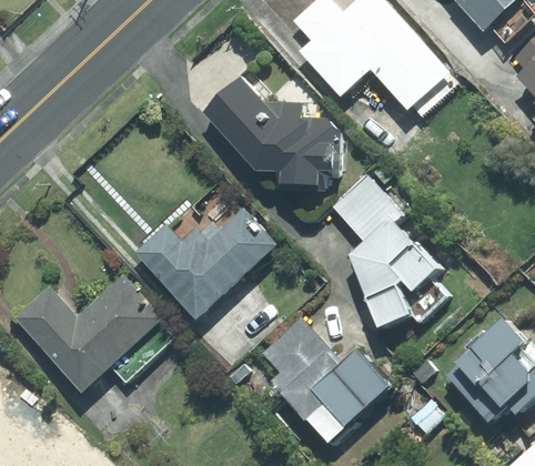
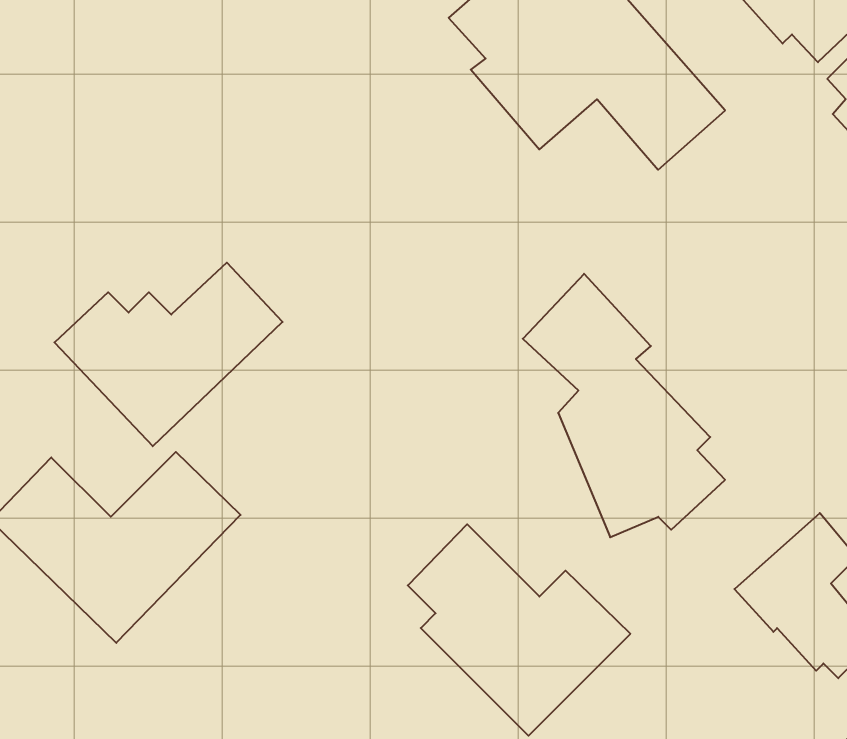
building: [204,74,343,190] -> none
building: [140,207,276,317] -> [54,263,283,446]

